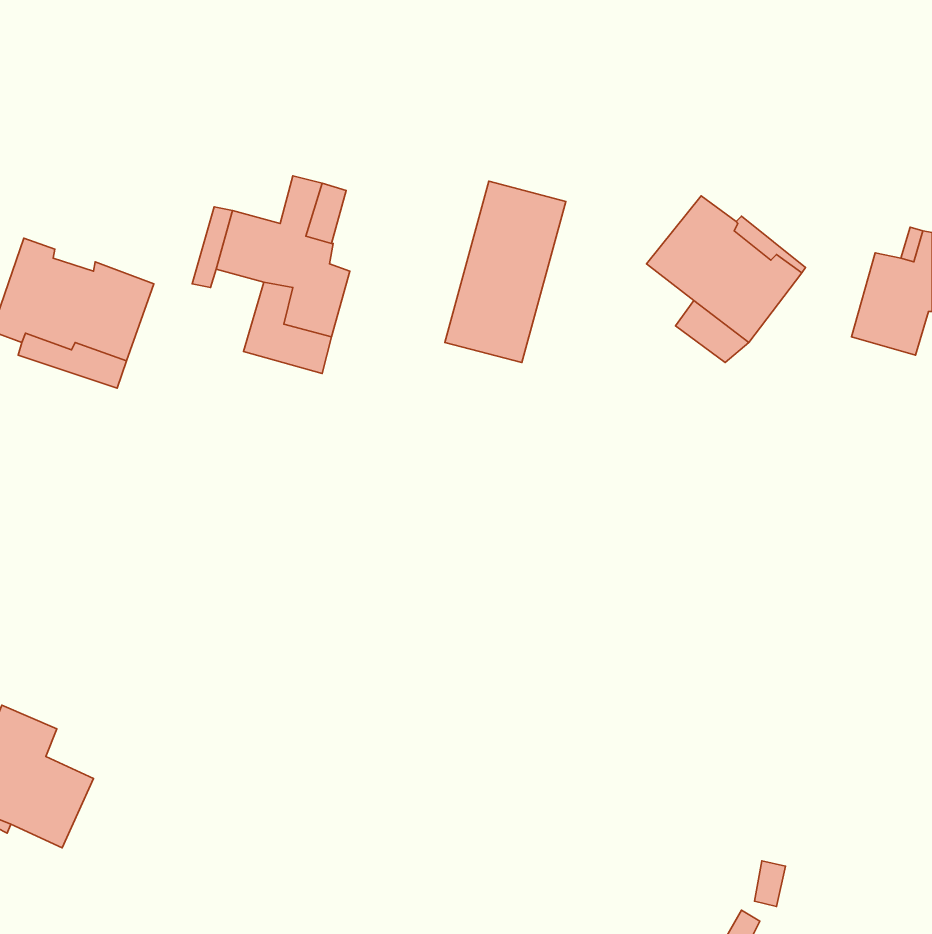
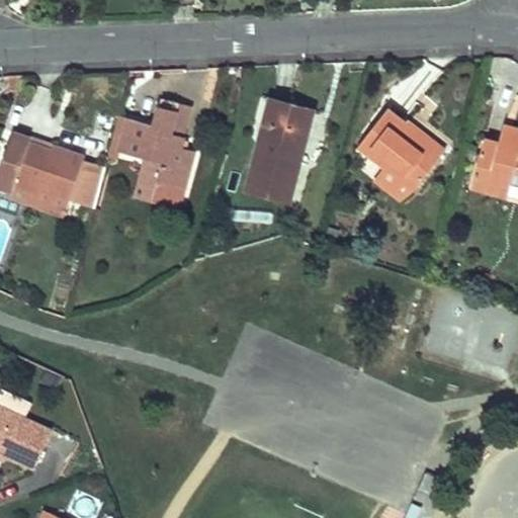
building: none -> [70,161,103,207]

